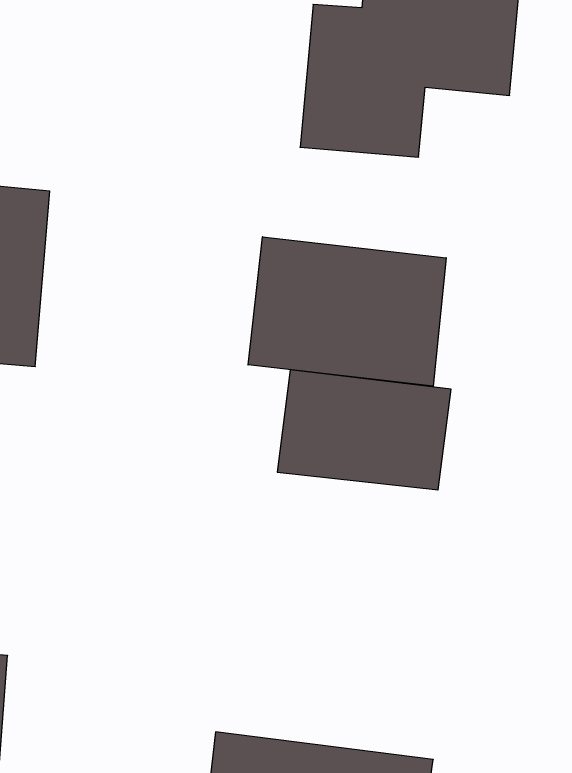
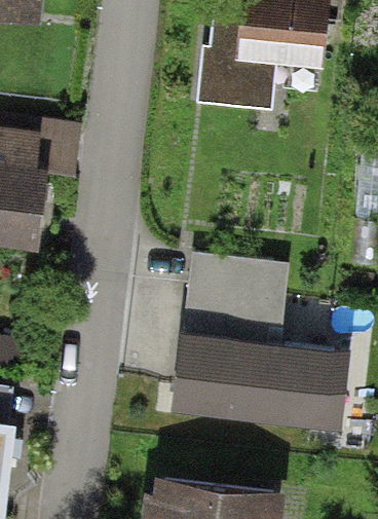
building: [248,237,446,386] -> none
building: none -> [176,314,355,410]

